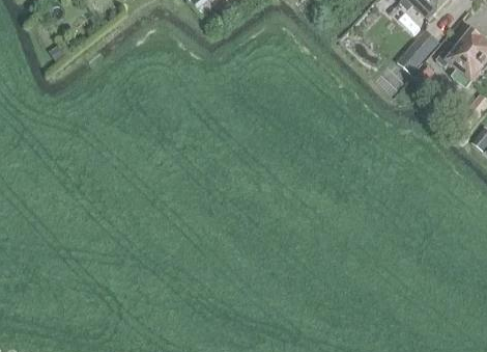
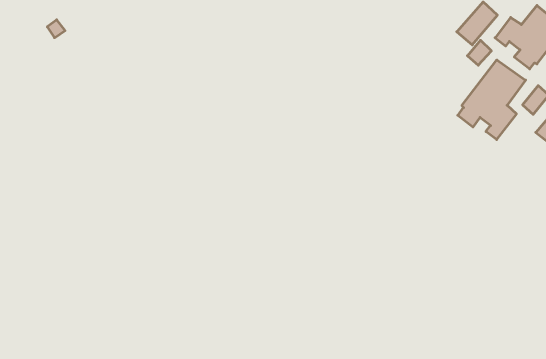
building: none -> [458,60,526,140]

